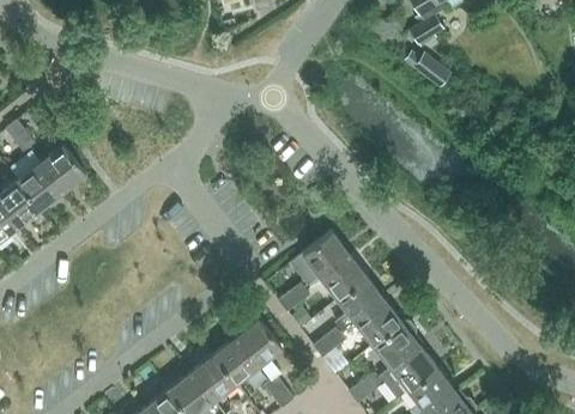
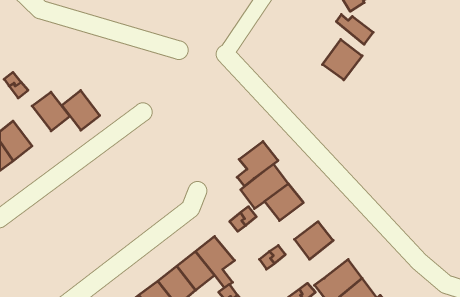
building: none -> [322,39,362,80]
building: [17,162,62,209] -> [62,90,100,130]
building: [334,278,383,331] -> [237,141,278,186]
building: [373,321,419,369] -> none

